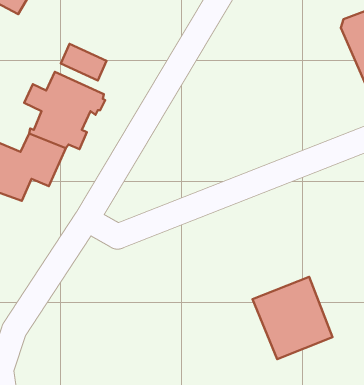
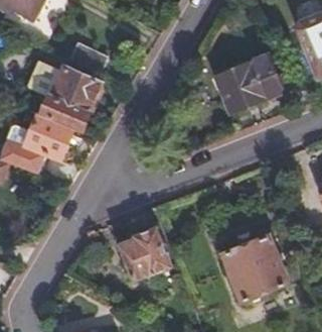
building: none -> [212,51,285,115]
building: none -> [122,229,170,282]

